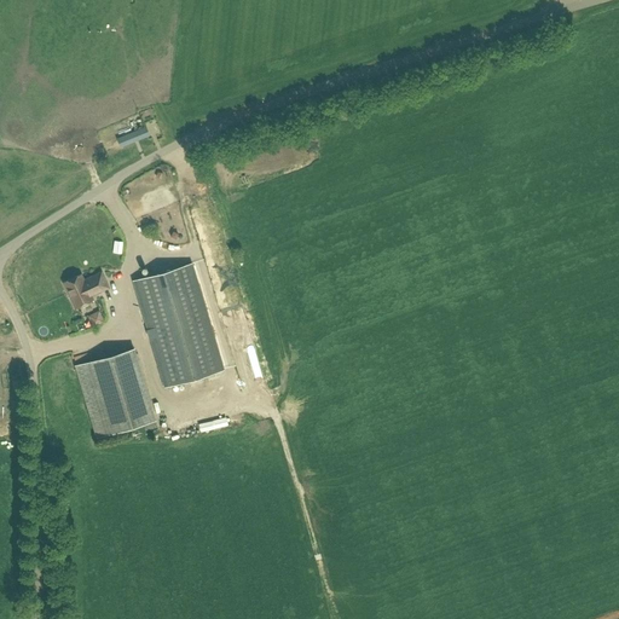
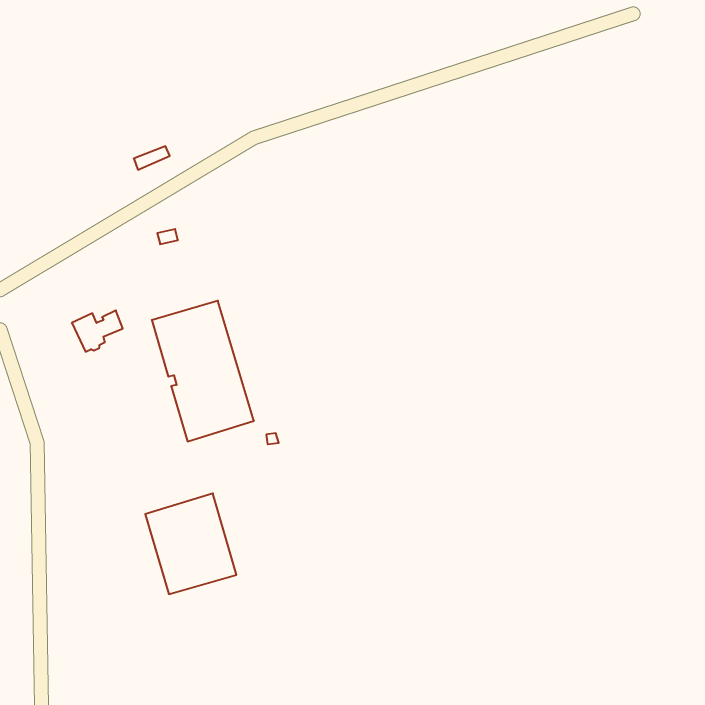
building: [75,348,155,436] -> [145,493,236,594]

